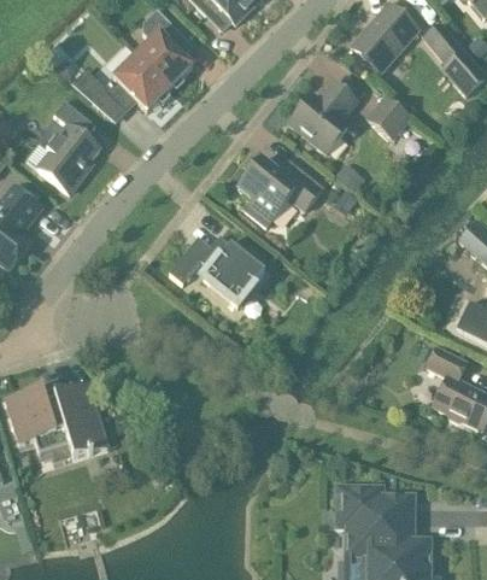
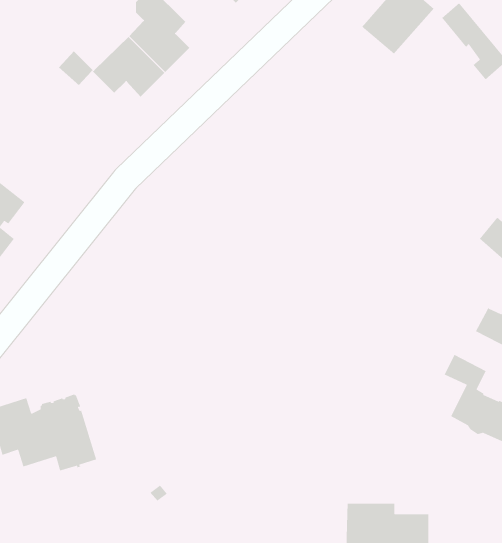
building: [289,82,357,152] -> none
building: [368,96,409,137] -> none
building: [37,100,100,193] -> none
building: [237,158,323,227] -> none
building: [170,235,264,307] -> none

